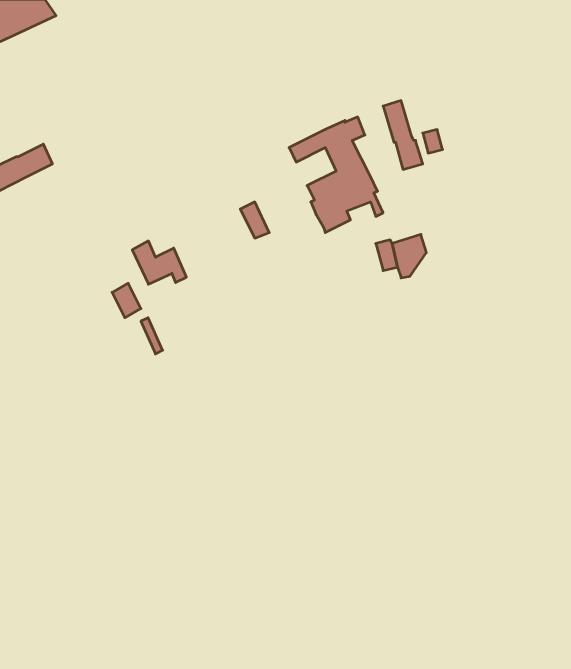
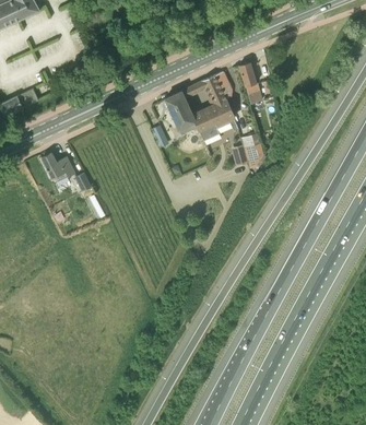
building: none -> [165,91,197,130]
building: [132,241,186,284] -> [42,153,74,179]

